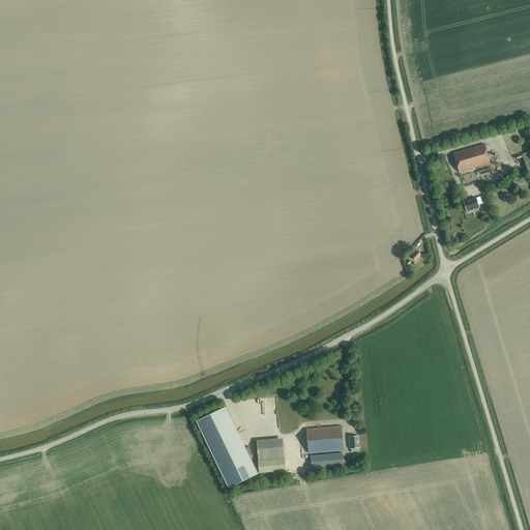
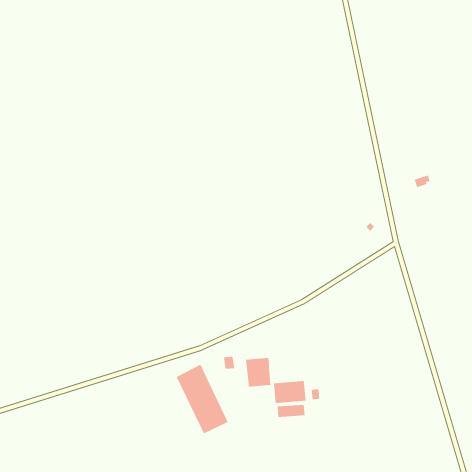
building: [452,143,489,171] -> none
building: [255,439,284,472] -> [245,358,271,387]

